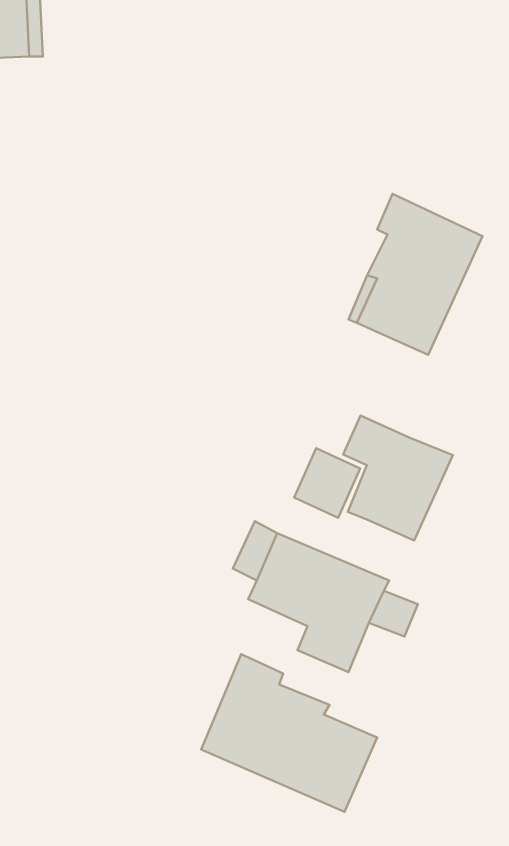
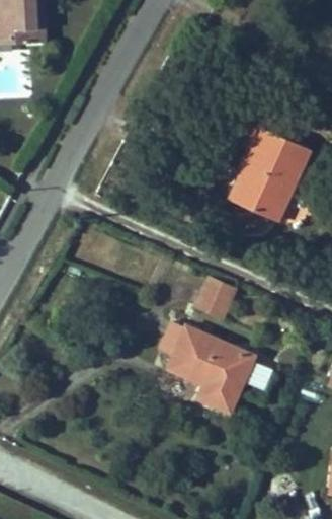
building: [343,415,453,541] -> none
building: [201,654,377,812] -> none

